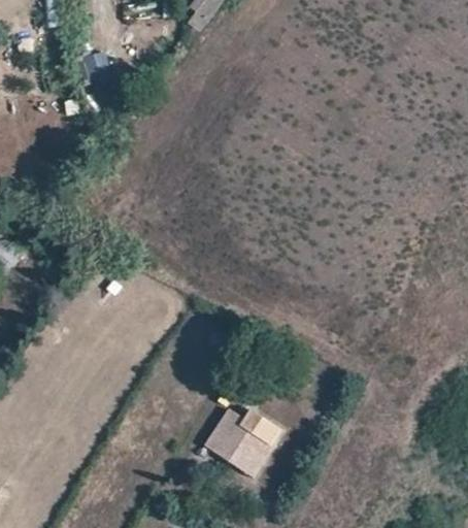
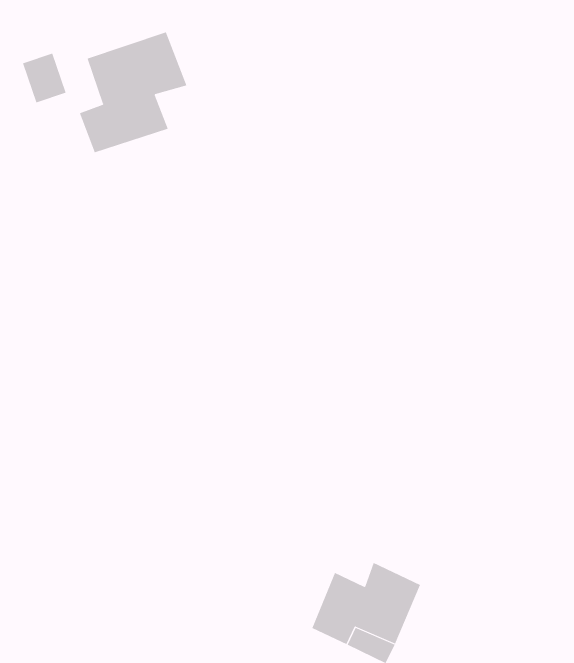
building: none -> [79,32,187,153]

